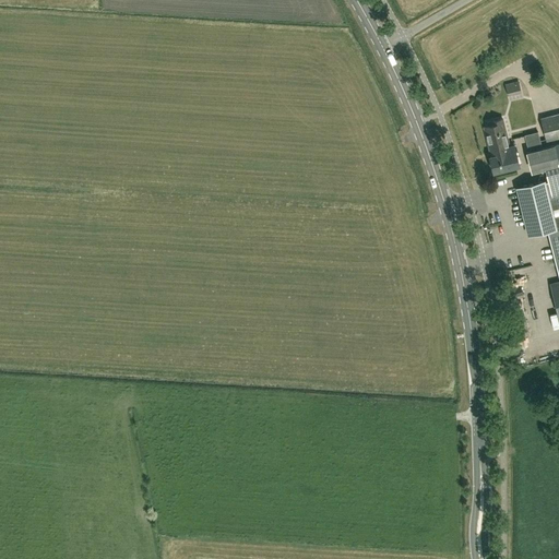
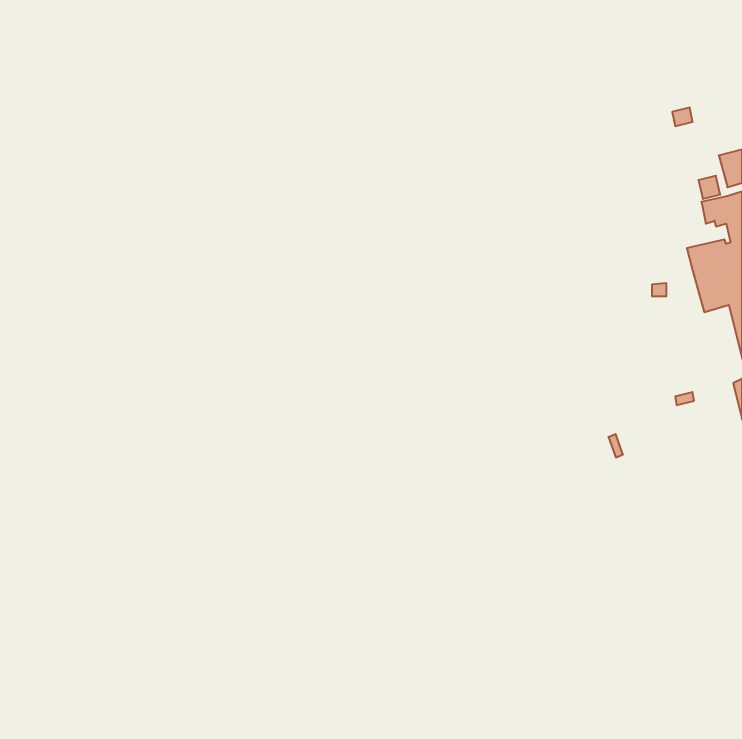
building: [484,120,520,174] -> none

